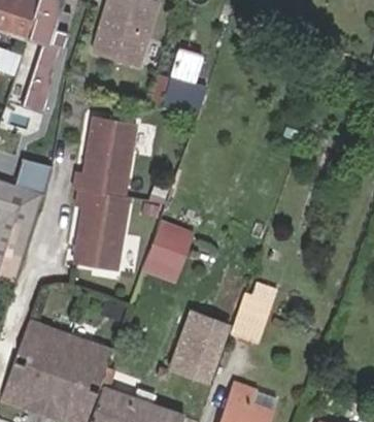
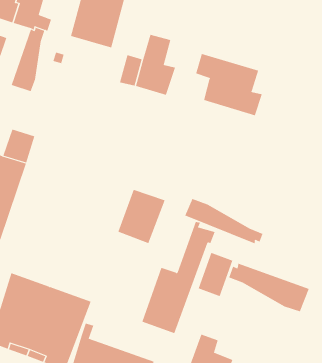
building: none -> [195,53,262,116]
building: [74,118,134,265] -> none
building: none -> [184,198,263,244]
building: none -> [229,263,309,312]

